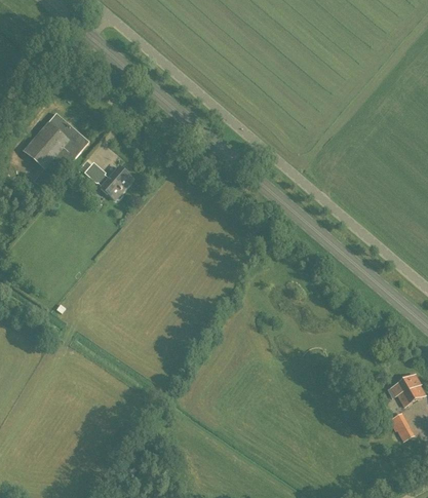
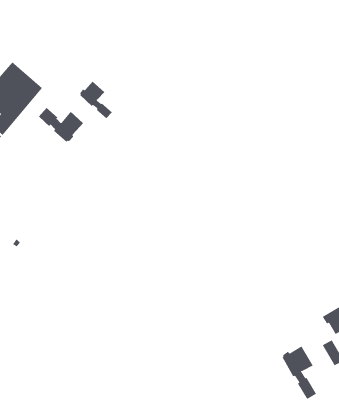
building: none -> [80,81,113,119]
building: none -> [282,346,317,400]

